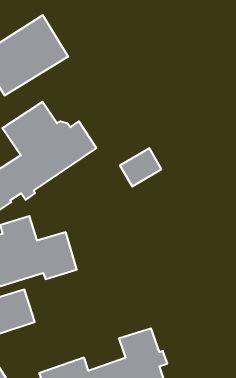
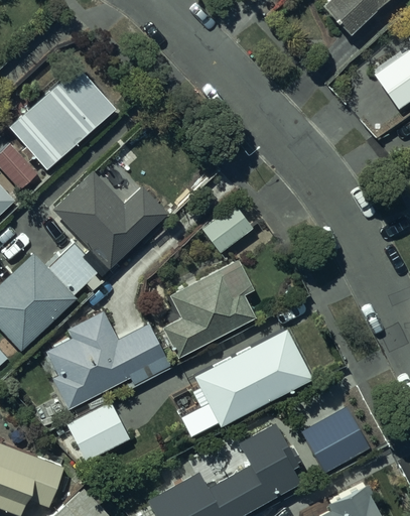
building: none -> [163,260,256,358]
building: none -> [192,328,311,426]
building: none -> [300,406,368,472]

